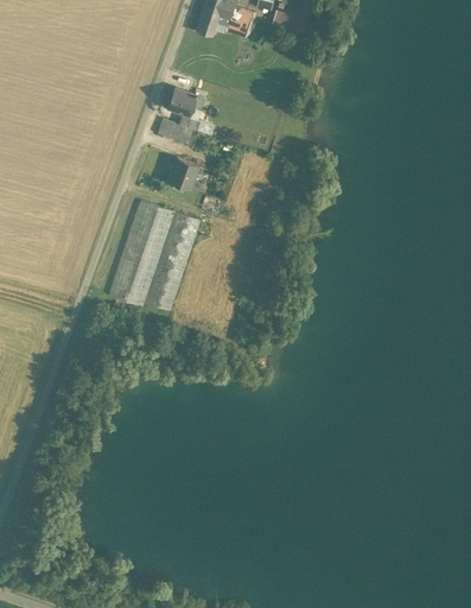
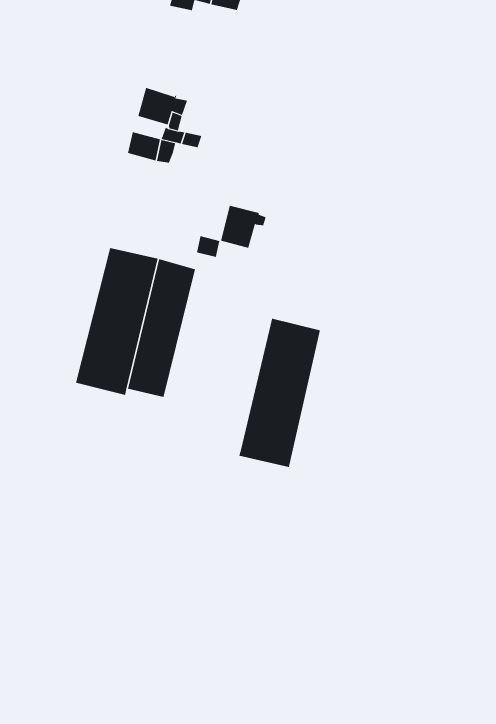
building: [167,157,202,189] -> [220,205,266,248]
building: none -> [238,318,320,468]

